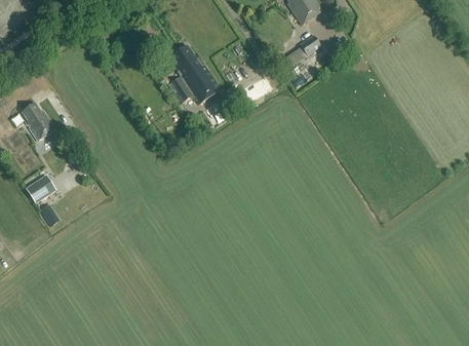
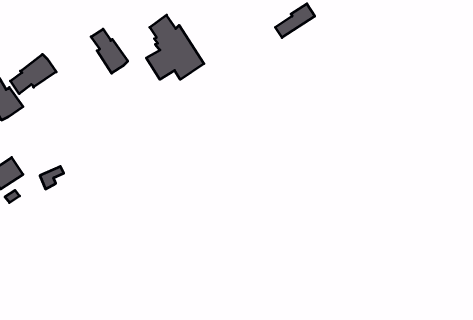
building: none -> [91,29,128,73]
building: none -> [10,54,56,94]

